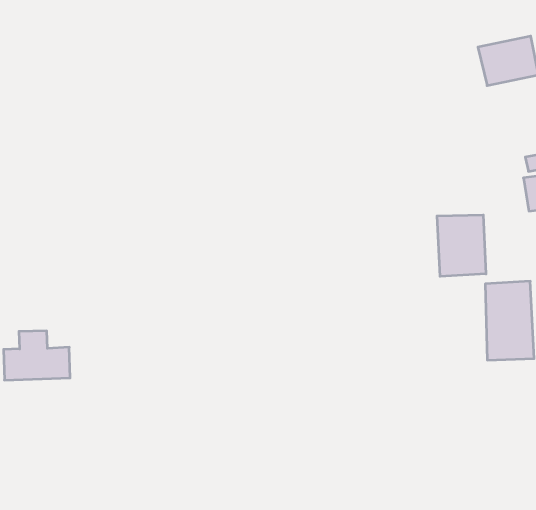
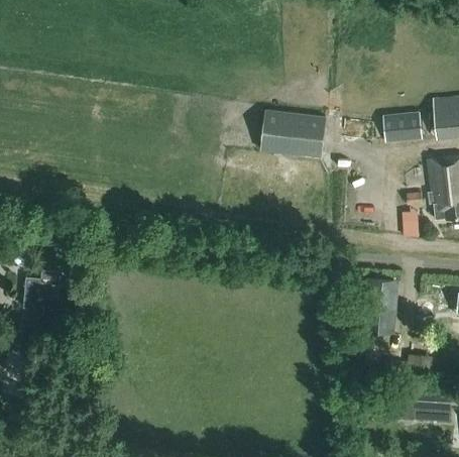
building: none -> [260,110,326,158]
building: [437,215,486,276] -> none

